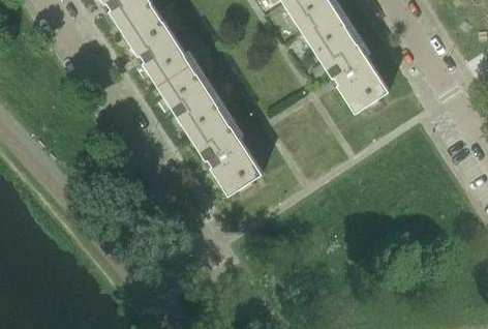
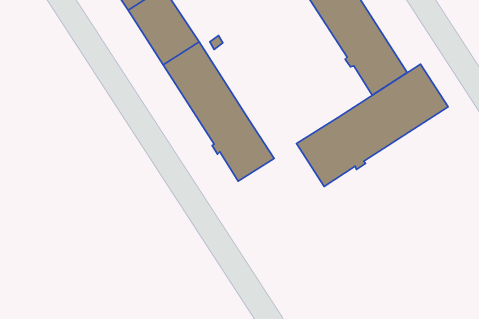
building: none -> [297,64,448,186]

